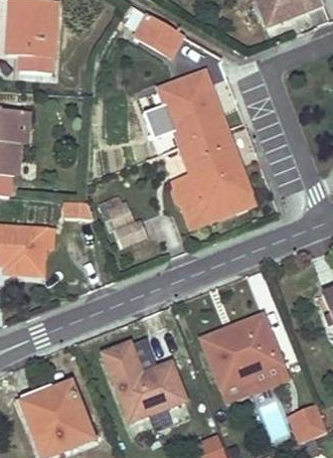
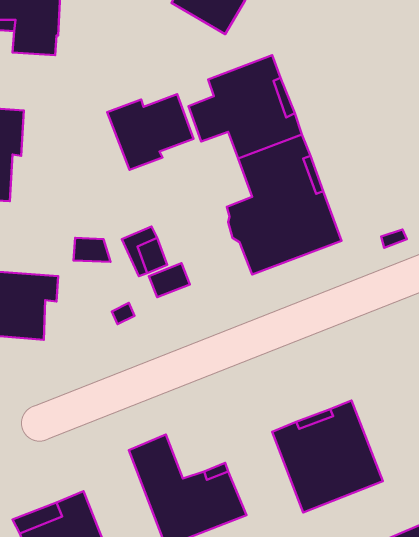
building: none -> [107,94,193,170]

